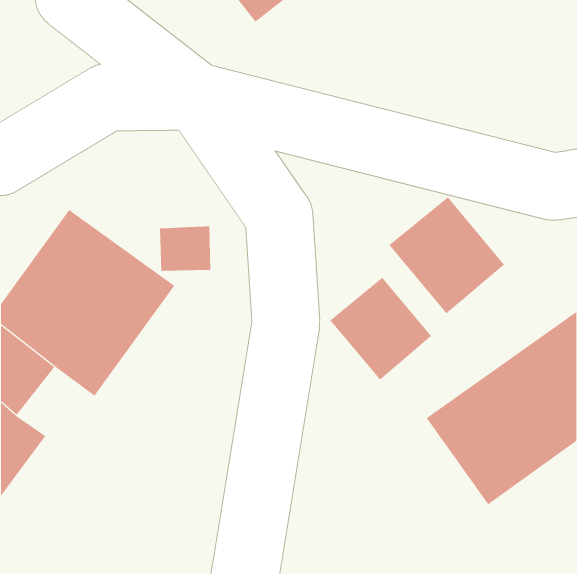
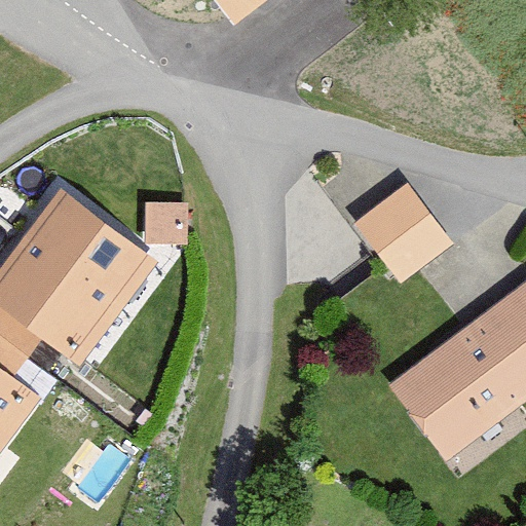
building: [330,277,432,381] -> none

